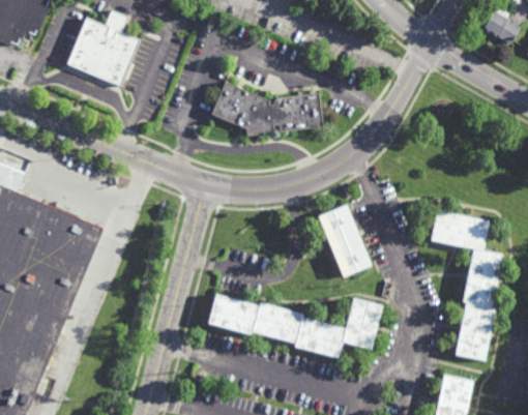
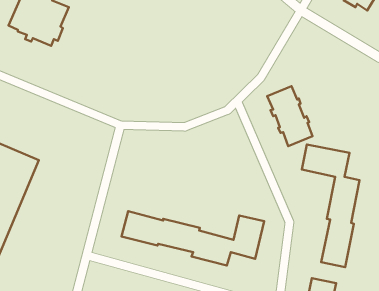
building: [209,80,322,135] -> none
building: [316,203,372,277] -> [267,86,312,146]

